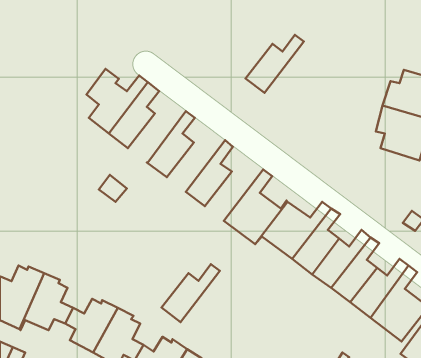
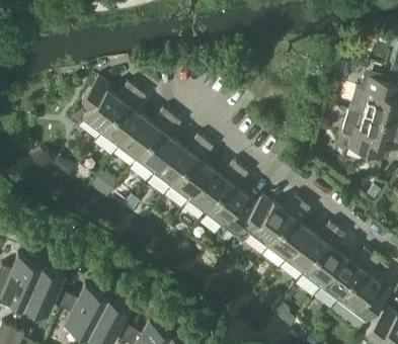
building: [246,35,304,93] -> [152,136,205,188]
building: none -> [116,109,169,162]
building: [162,264,220,322] -> [186,162,239,214]

